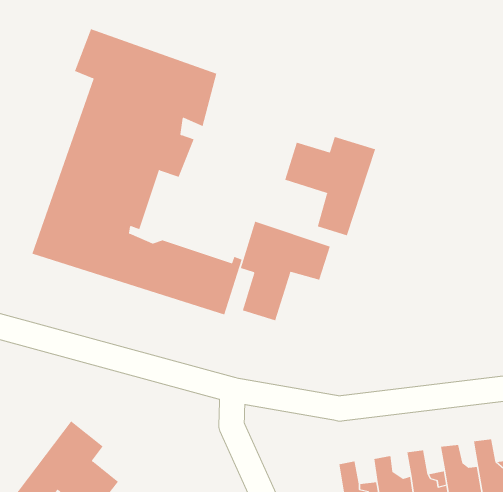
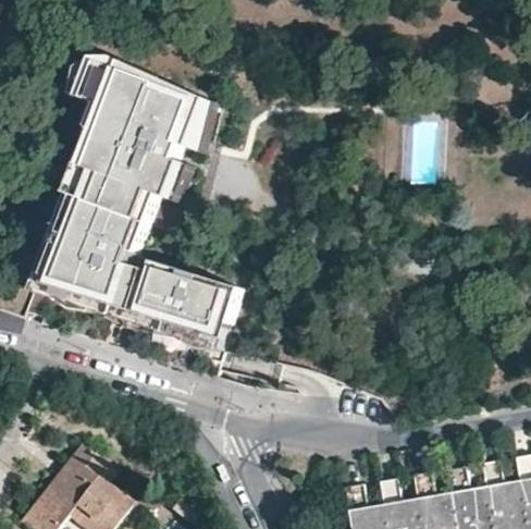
building: [284,136,376,236] -> none
building: [240,221,330,321] -> none

